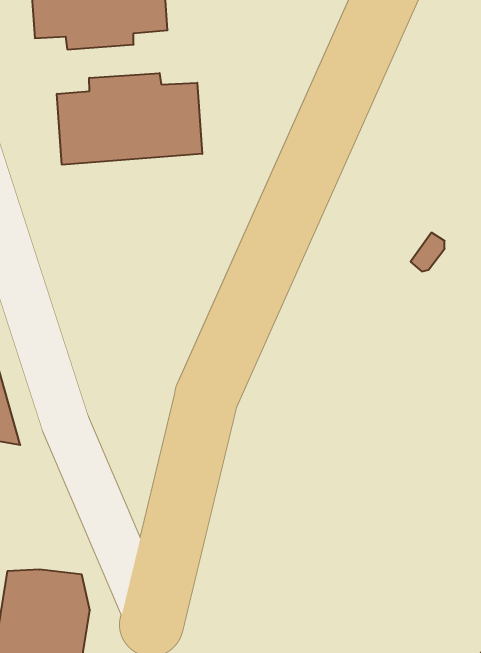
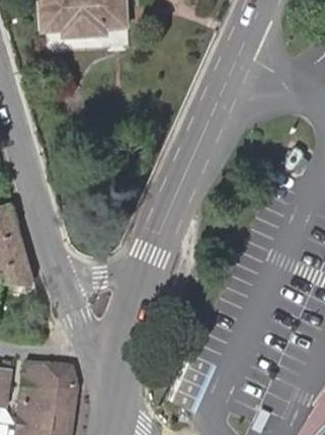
building: [57,73,202,165] -> none

